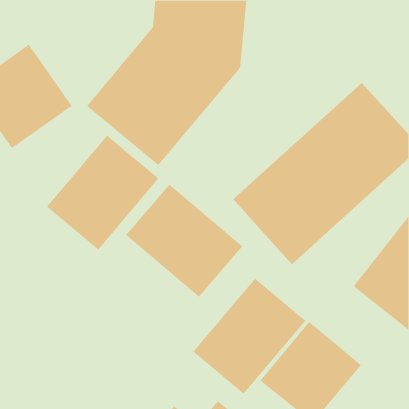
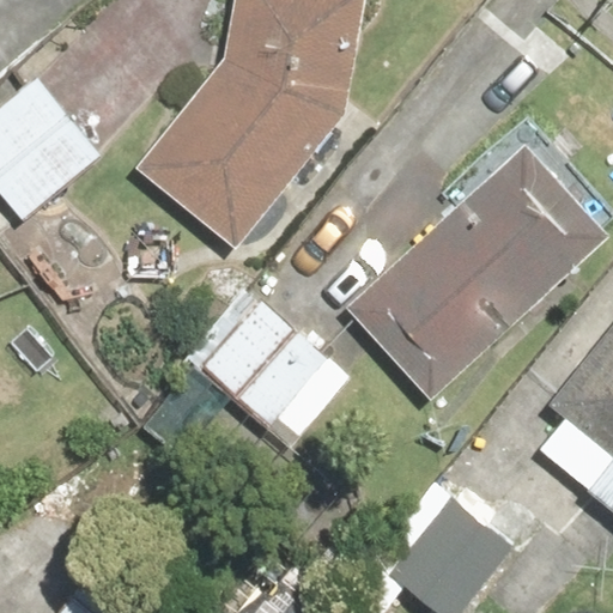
building: [46,135,159,250] -> none
building: [193,278,306,394] -> none

